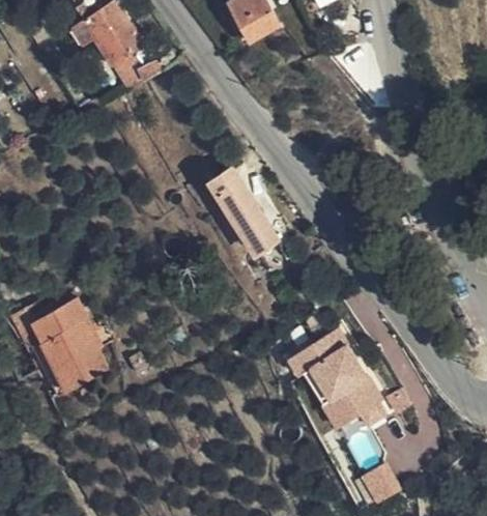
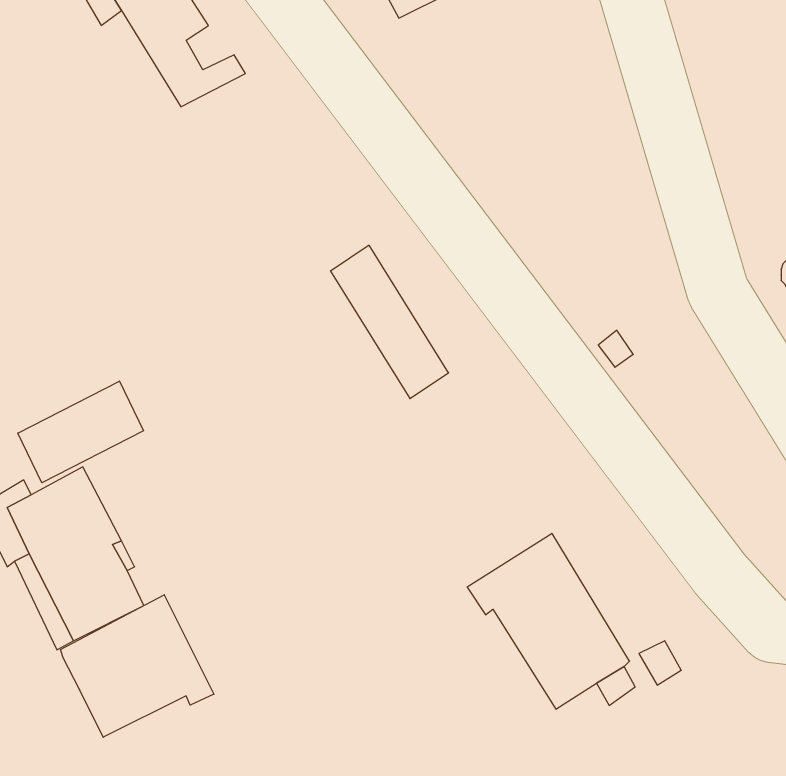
building: none -> [18,381,144,483]
building: none -> [60,595,214,737]

